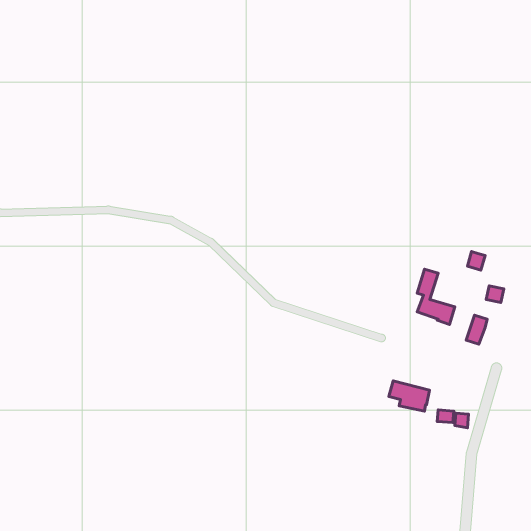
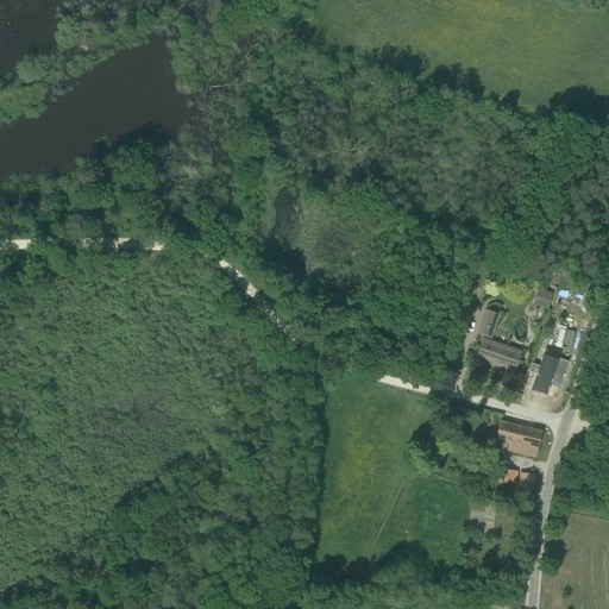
building: [389,381,430,411] -> [497,420,544,454]

